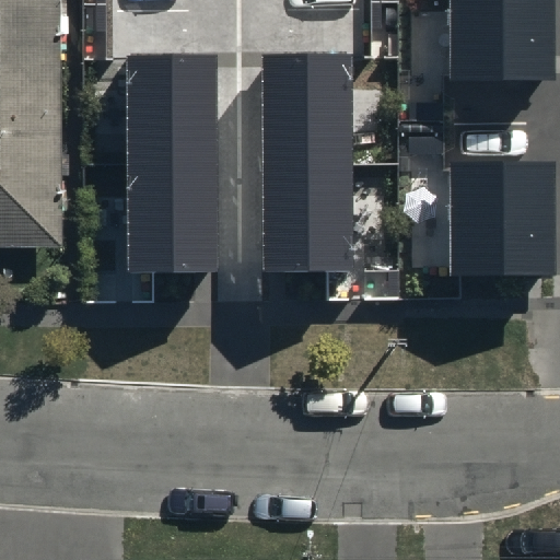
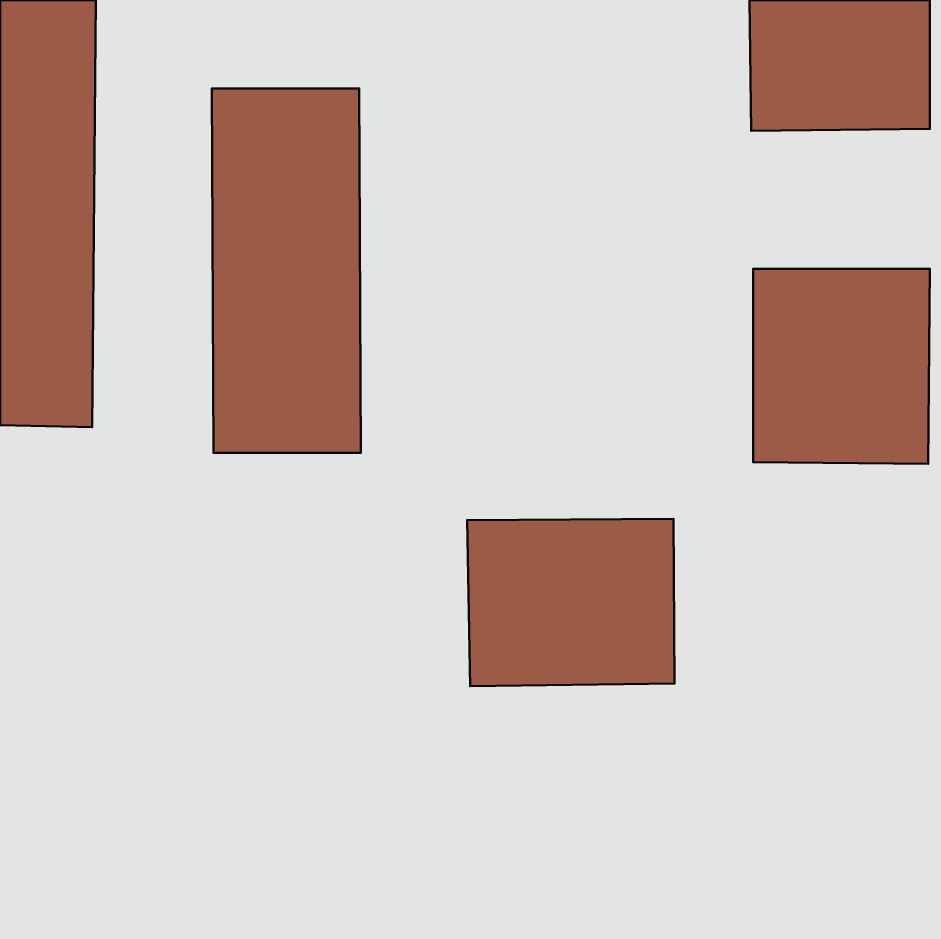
building: [261,55,351,271] -> none
building: none -> [467,519,674,686]

